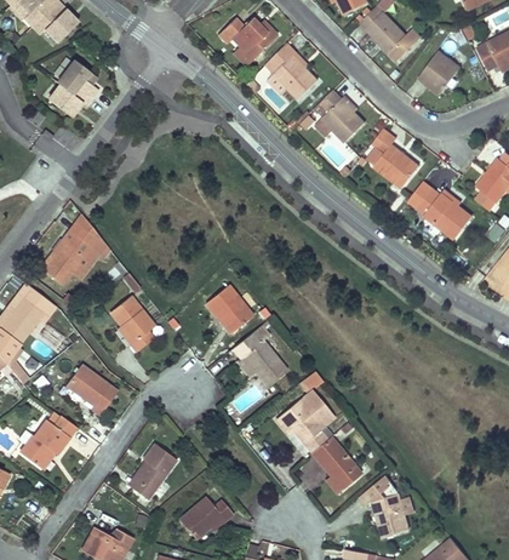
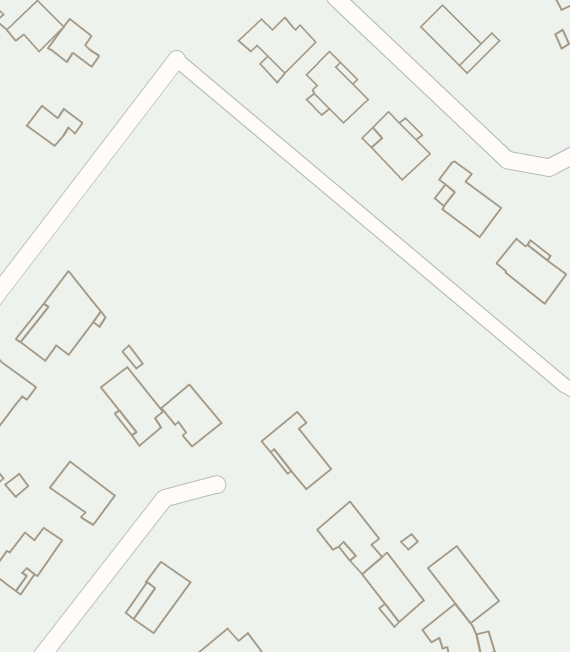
building: [414,51,458,96] -> none
building: [58,61,98,98] -> [48,19,99,67]
building: [206,285,253,333] -> [161,385,222,446]
building: none -> [428,546,499,623]

